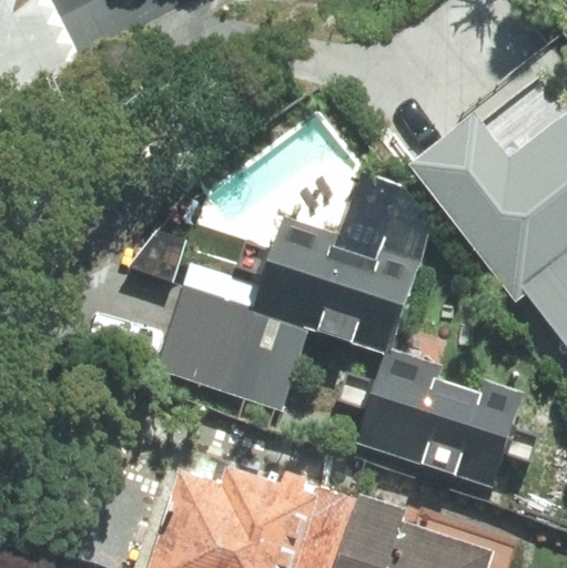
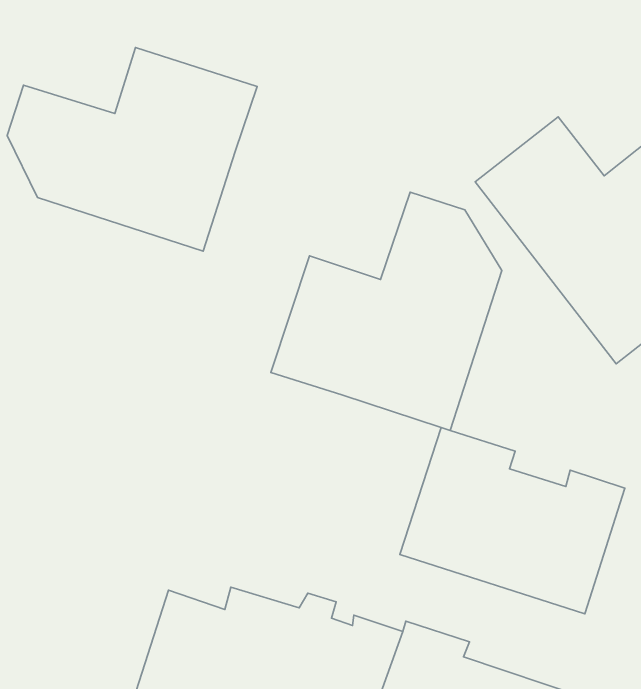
building: none -> [7,48,257,251]
building: [155,283,311,409] -> none

